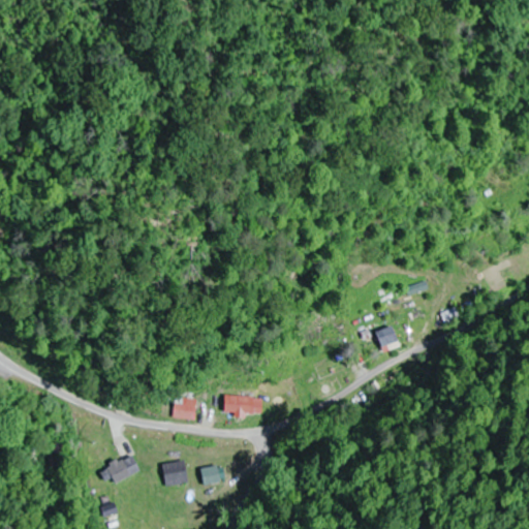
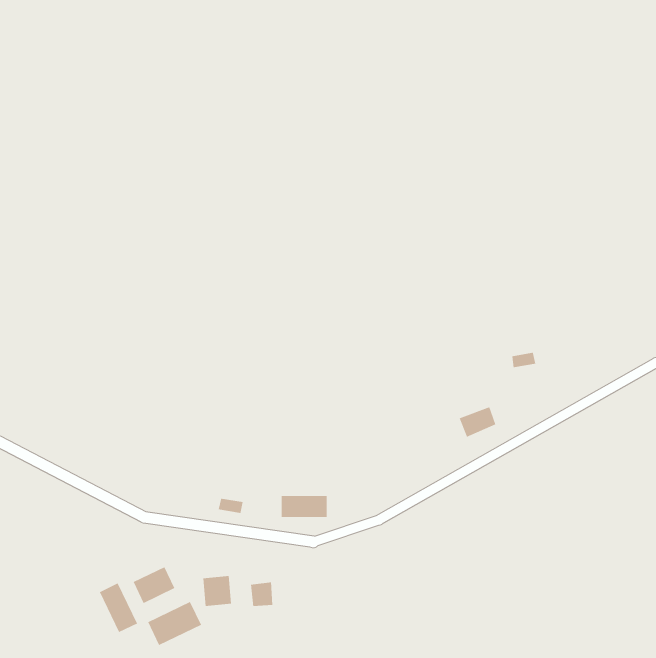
building: none -> [99,583,138,633]
building: none -> [147,601,202,646]

